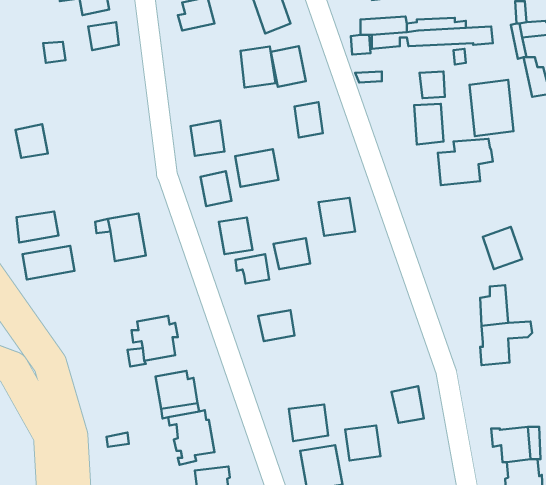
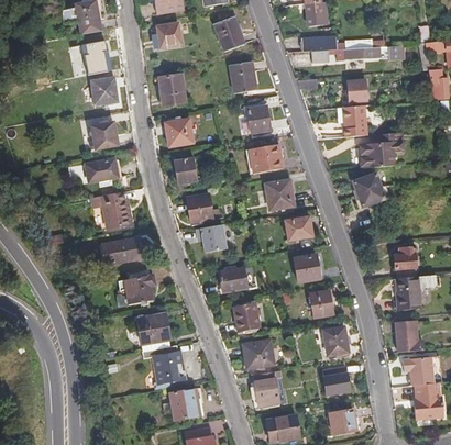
building: [240,47,276,87] -> [158,74,186,105]
building: none -> [92,78,118,105]
building: [469,80,514,136] -> none
building: [16,124,48,158] -> [91,122,117,148]
building: [235,149,279,187] -> [250,144,284,174]
building: [16,212,58,243] -> [86,158,119,182]
building: [483,227,522,269] -> [352,173,383,205]
building: [274,238,310,269] -> [285,216,314,241]
building: [23,246,74,279] -> [102,236,143,263]
building: none -> [294,253,321,281]
building: none -> [310,291,333,318]
building: none -> [234,302,261,332]
building: none -> [395,322,422,353]
building: [345,425,380,461] -> [323,367,351,394]

